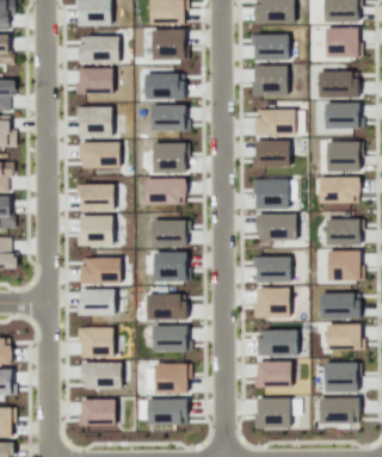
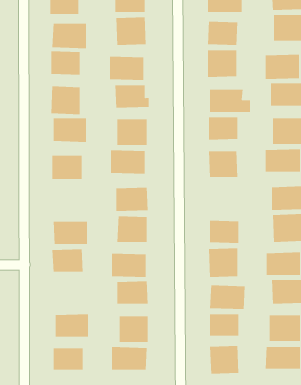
building: [258,214,296,241] -> none
building: [80,216,113,247] -> none
building: [81,327,113,357] -> none

